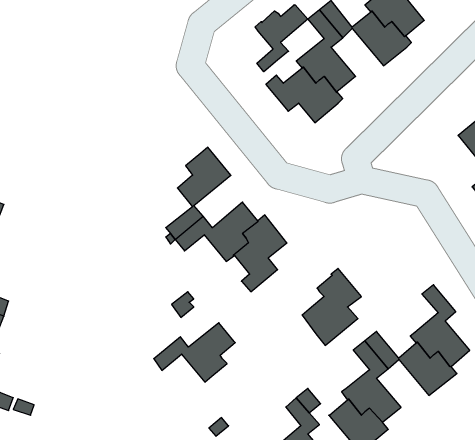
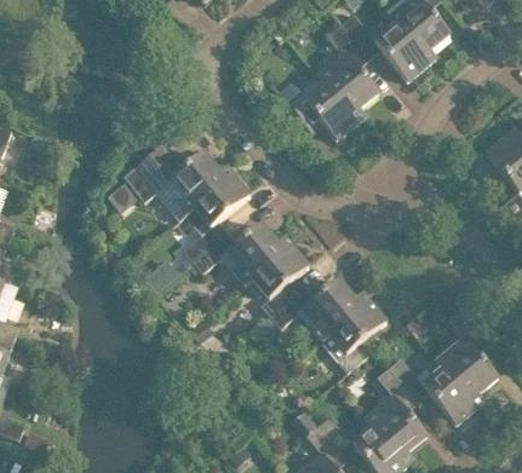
building: [255,5,308,72] -> none
building: none -> [125,144,218,217]
building: [154,323,235,382] -> [270,277,355,339]

